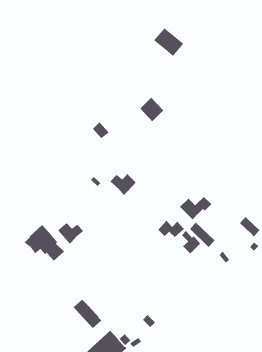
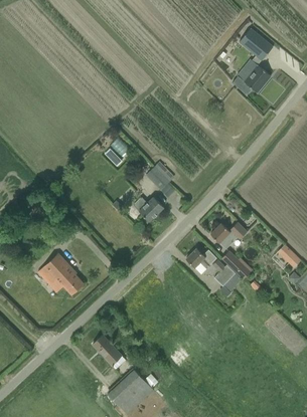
building: [153,28,184,57] -> [239,28,273,60]
building: none -> [244,65,271,92]
building: [140,97,164,122] -> [146,162,173,190]
building: [58,222,84,244] -> none

